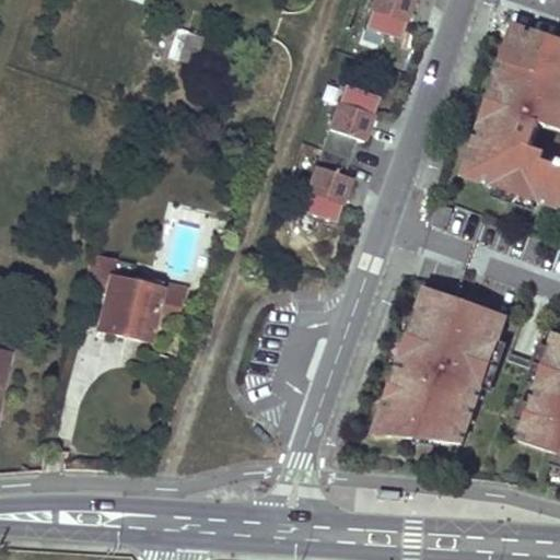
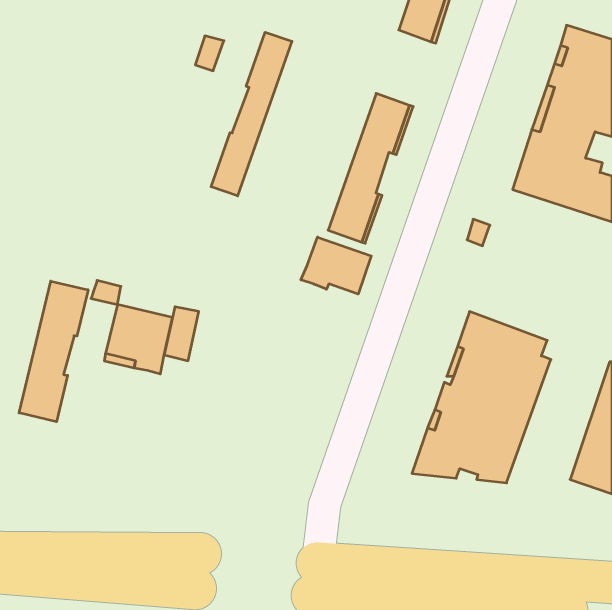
building: none -> [211,32,292,196]
building: none -> [301,237,371,294]
building: none -> [19,281,88,422]

